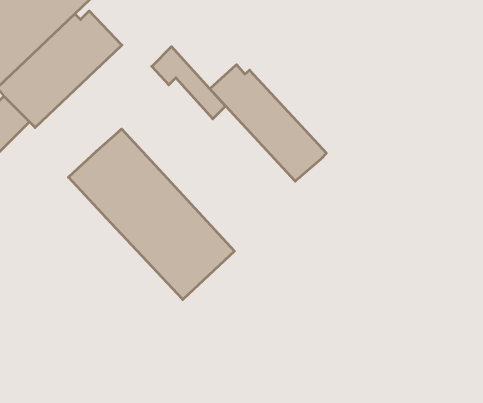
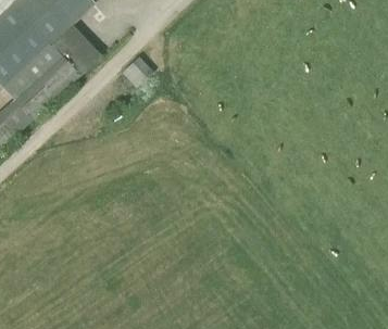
building: [210,65,326,181] -> none
building: [68,129,234,300] -> none

